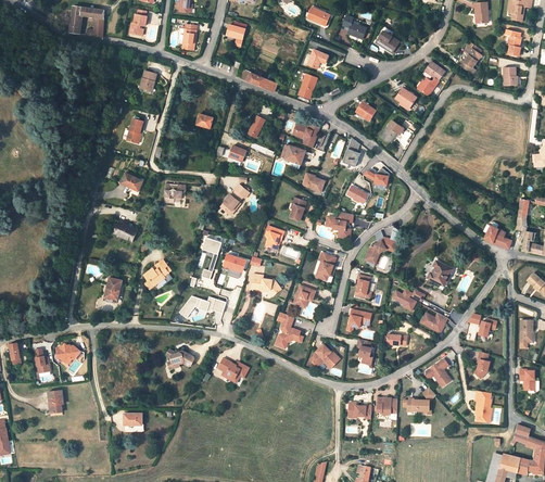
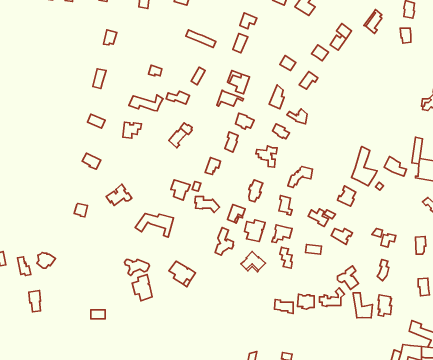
building: none -> [129,95,163,111]
building: none -> [351,146,377,186]
building: [200,237,220,279] -> none
building: none -> [244,220,265,241]
building: none -> [132,275,152,301]
building: none -> [353,293,372,318]

